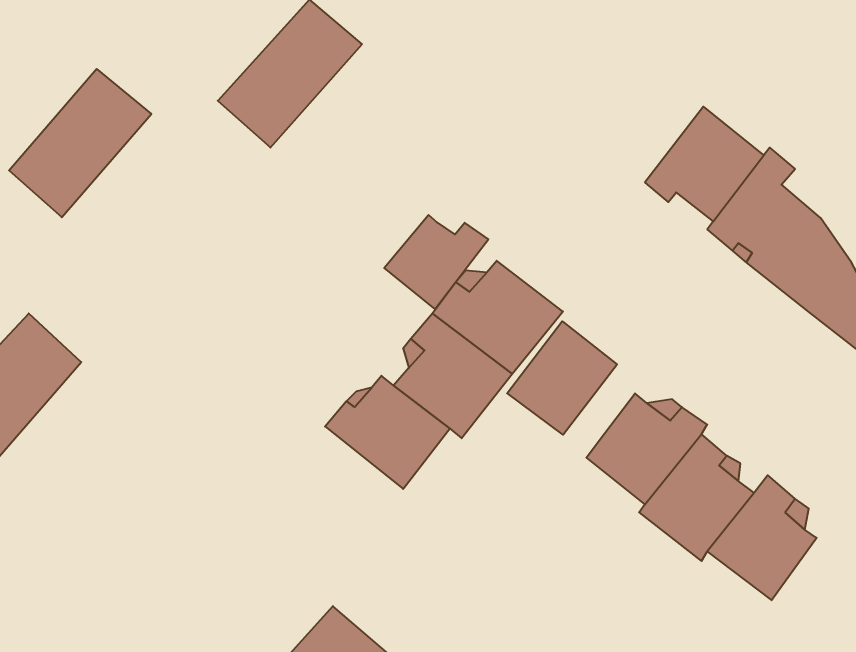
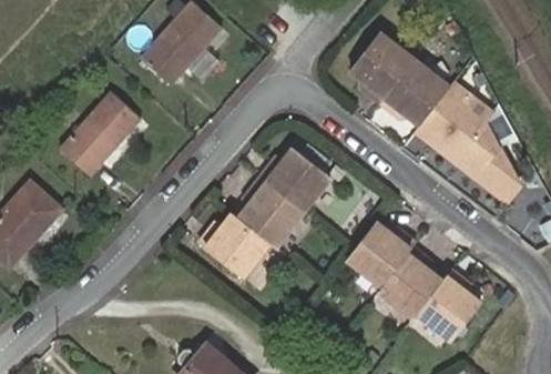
building: none -> [351,34,415,104]
building: [9,69,151,217] -> [59,91,140,175]
building: [384,215,488,309] -> none
building: [507,321,617,435] -> none

